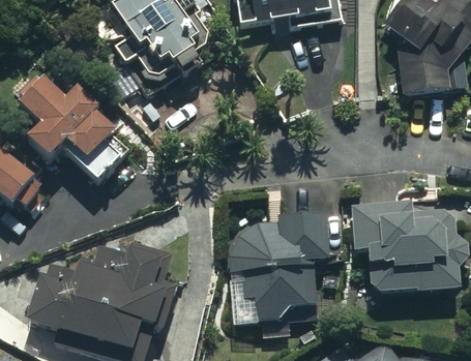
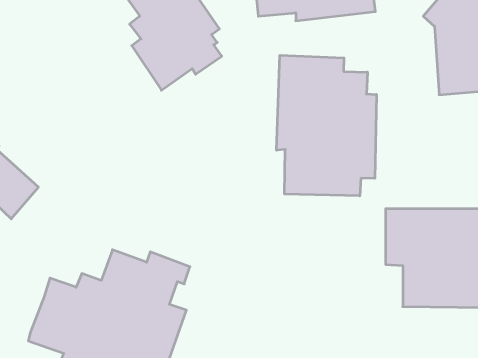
building: none -> [277,55,376,196]
building: [17,77,127,186] -> none
building: [227,208,328,322] -> none

